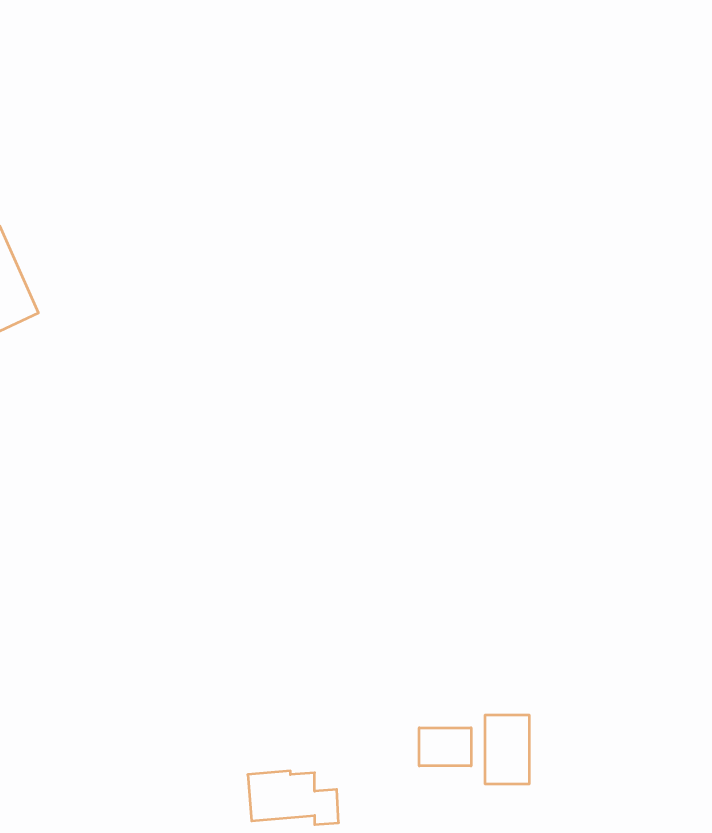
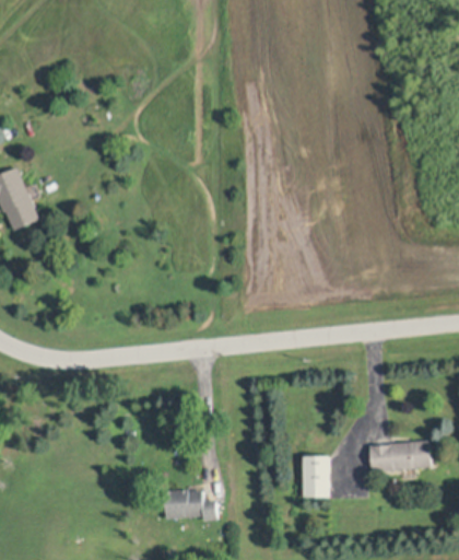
building: none -> [368,440,431,471]
building: [419,728,471,766] -> none

